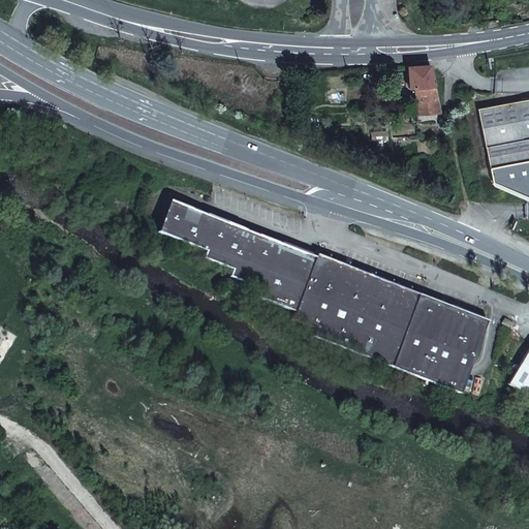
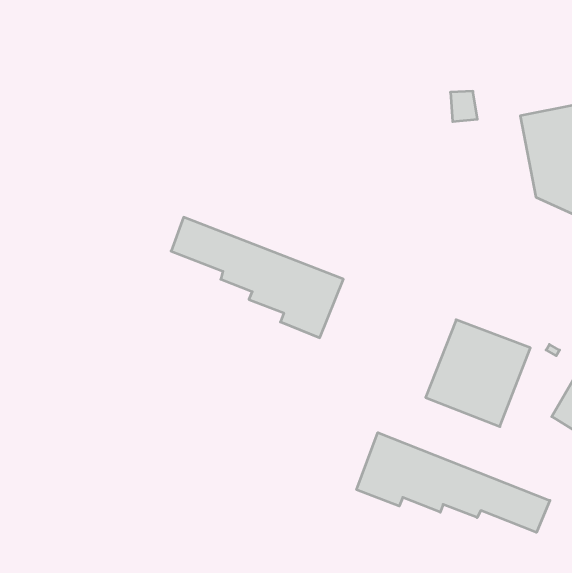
building: [409,62,437,86] -> none
building: [293,253,422,365] -> none
building: none -> [357,433,550,532]

